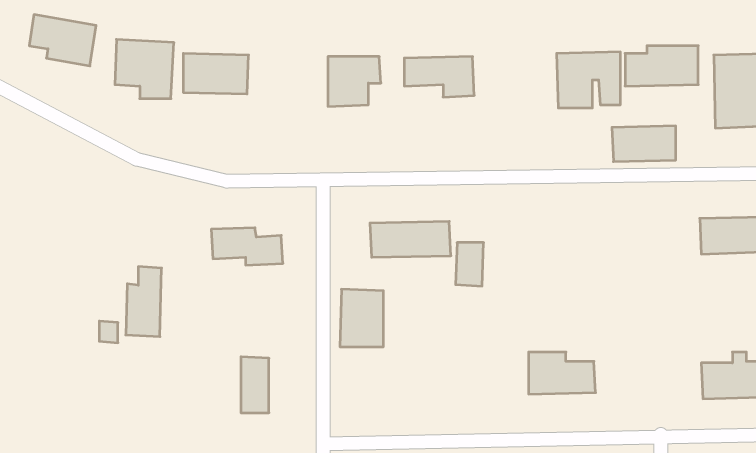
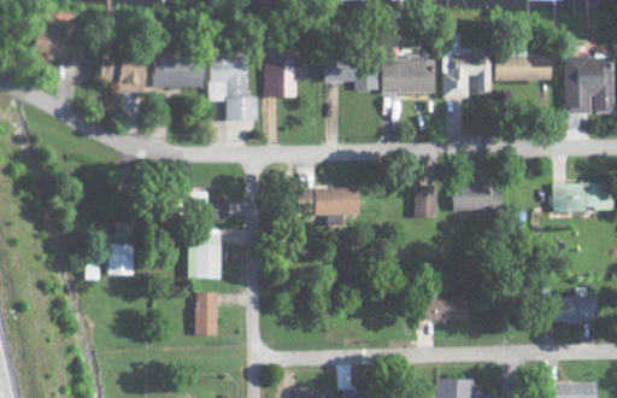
building: none -> [208,51,257,121]
building: none -> [380,58,433,94]
building: [612,126,676,162] -> [452,185,501,212]
building: [456,243,484,286] -> [415,185,436,218]
building: [340,289,383,347] -> [188,234,222,279]

